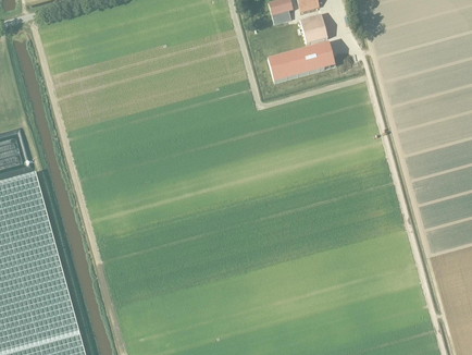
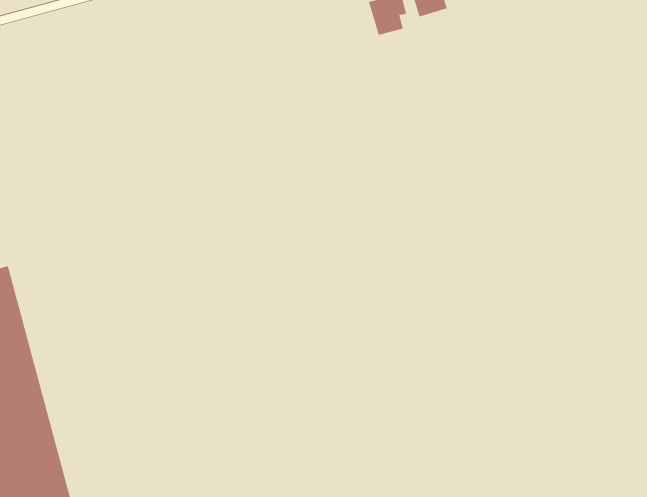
building: [299,15,327,45] -> none
building: [269,47,324,84] -> none

